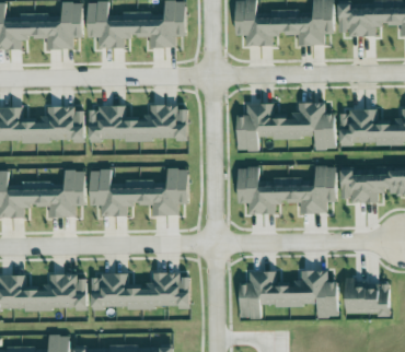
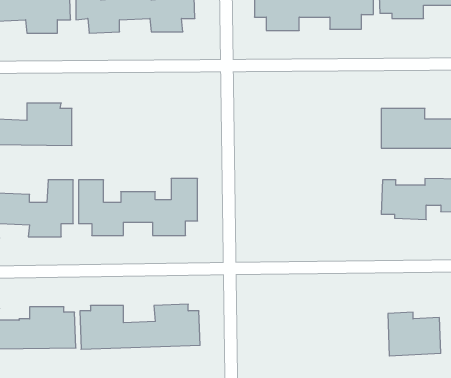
building: [238,103,335,150] -> none
building: [89,104,187,140] -> none
building: [238,166,337,213] -> none
building: [240,270,338,318] -> none

